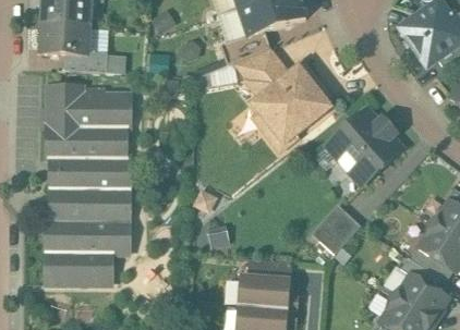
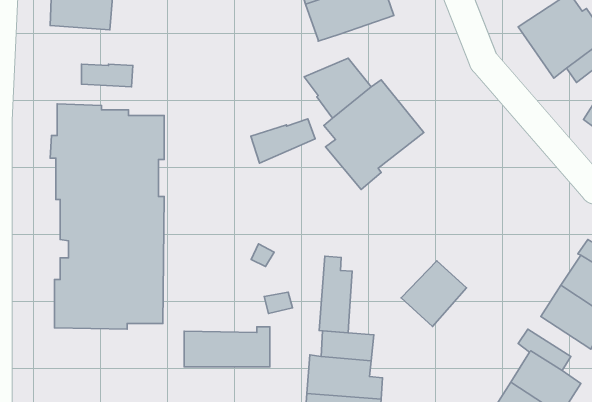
building: [40,25,88,56] -> none
building: [220,32,269,65] -> [251,119,315,163]
building: [328,110,401,184] -> none
building: none -> [319,256,352,333]
building: [46,253,111,283] -> [184,327,270,367]

